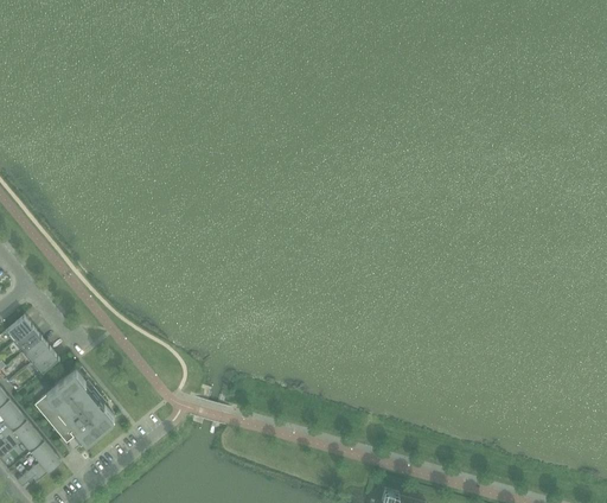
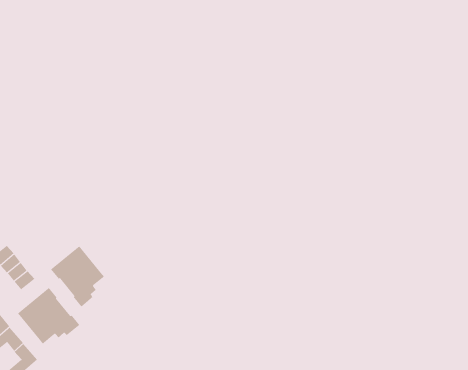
building: none -> [50,246,105,307]

